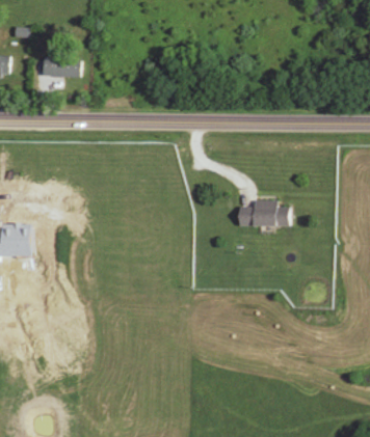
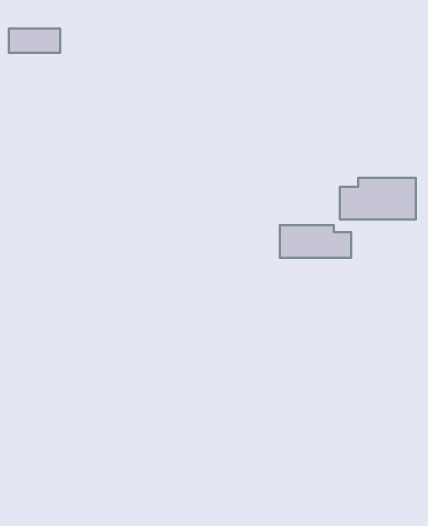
building: none -> [340,178,416,219]

